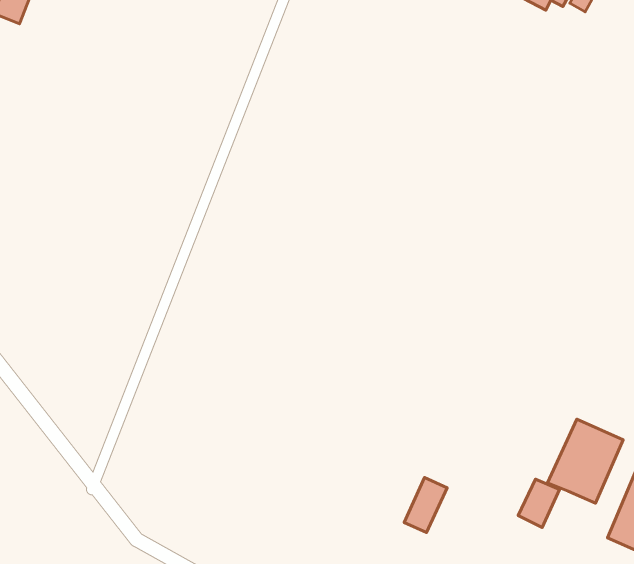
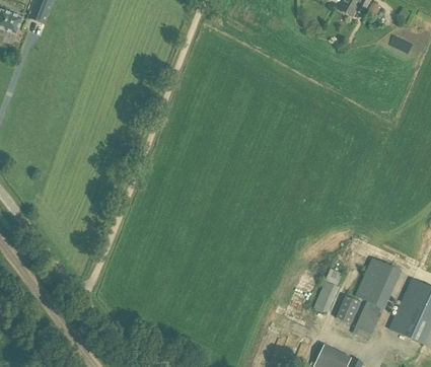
building: [404,478,447,533] -> [314,278,340,310]
building: none -> [352,300,382,339]

